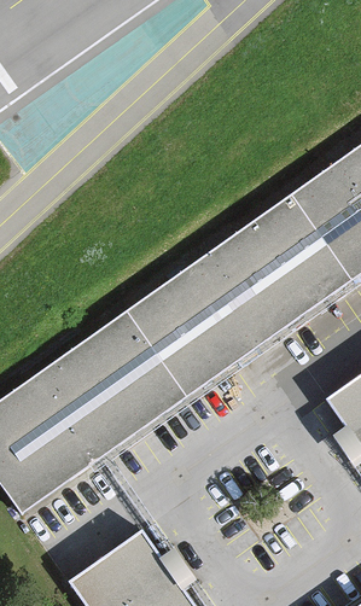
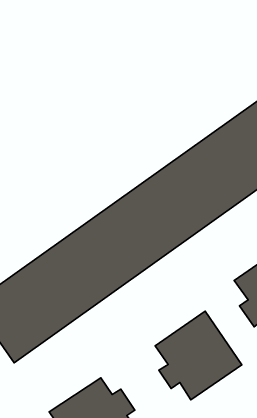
building: none -> [155,311,242,400]

